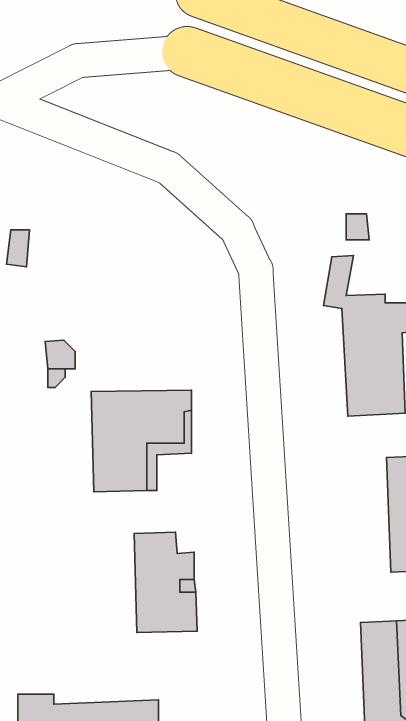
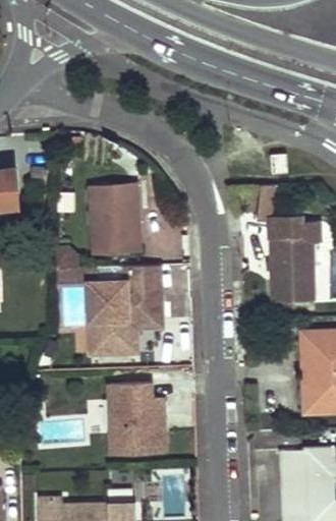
building: none -> [92,177,137,257]

